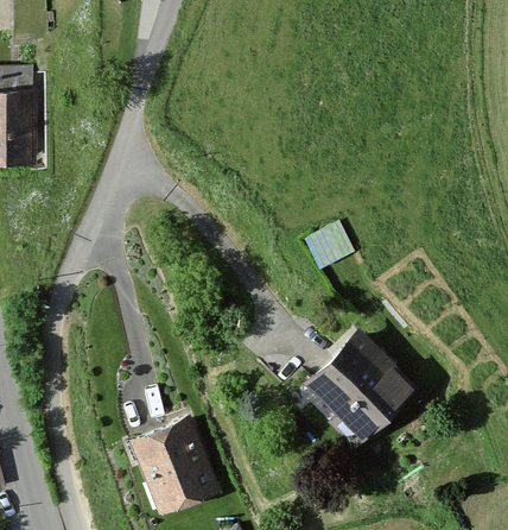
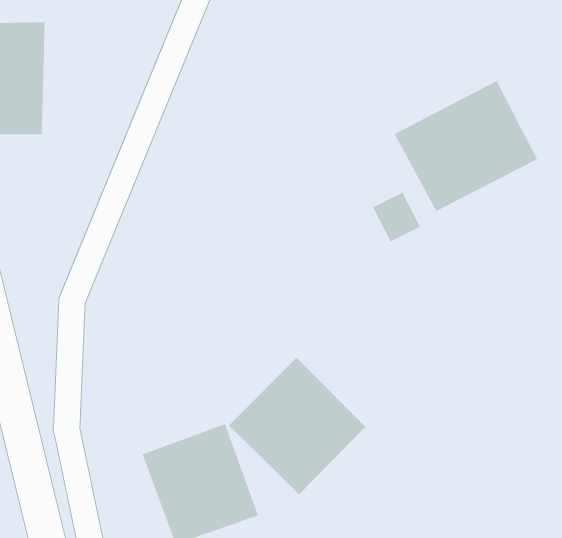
building: none -> [394,80,538,212]
building: [297,329,414,447] -> [228,357,366,495]

